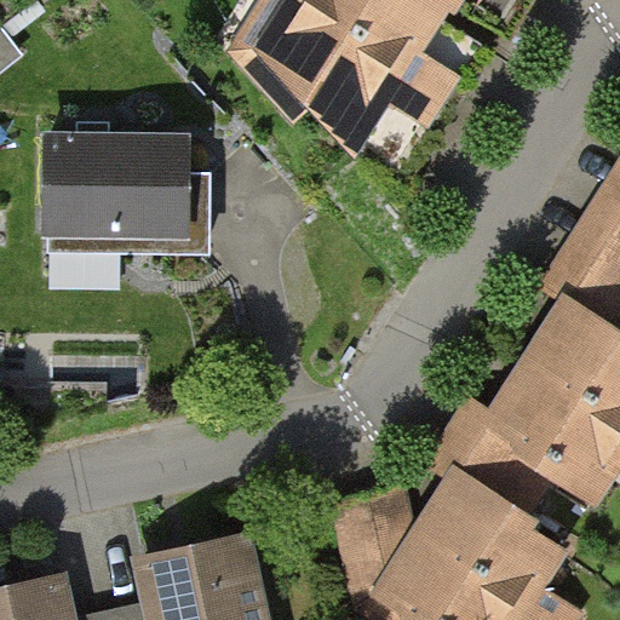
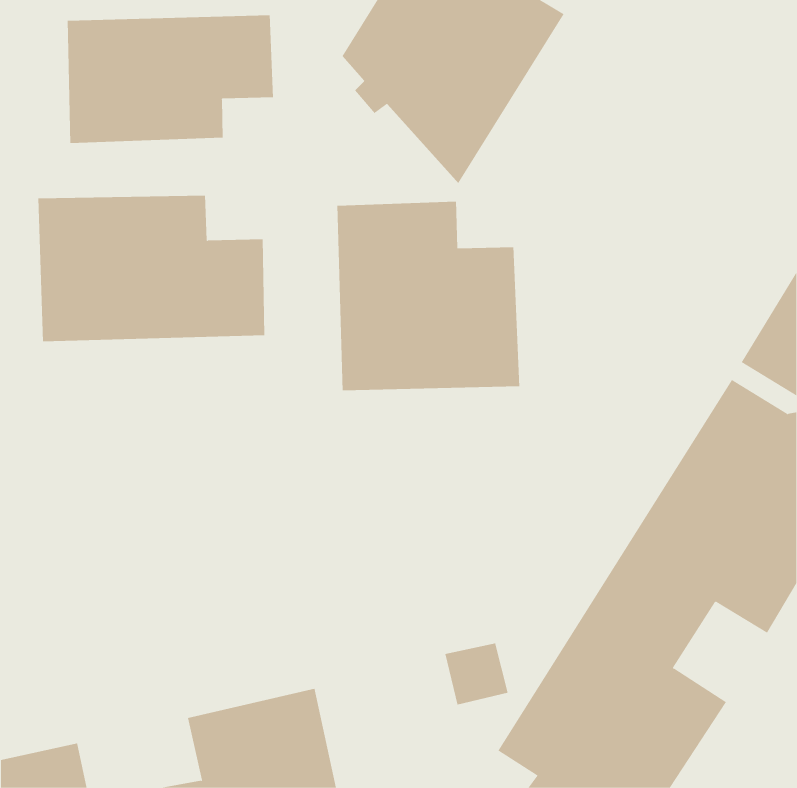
building: none -> [67,15,274,144]
building: none -> [337,201,520,391]

